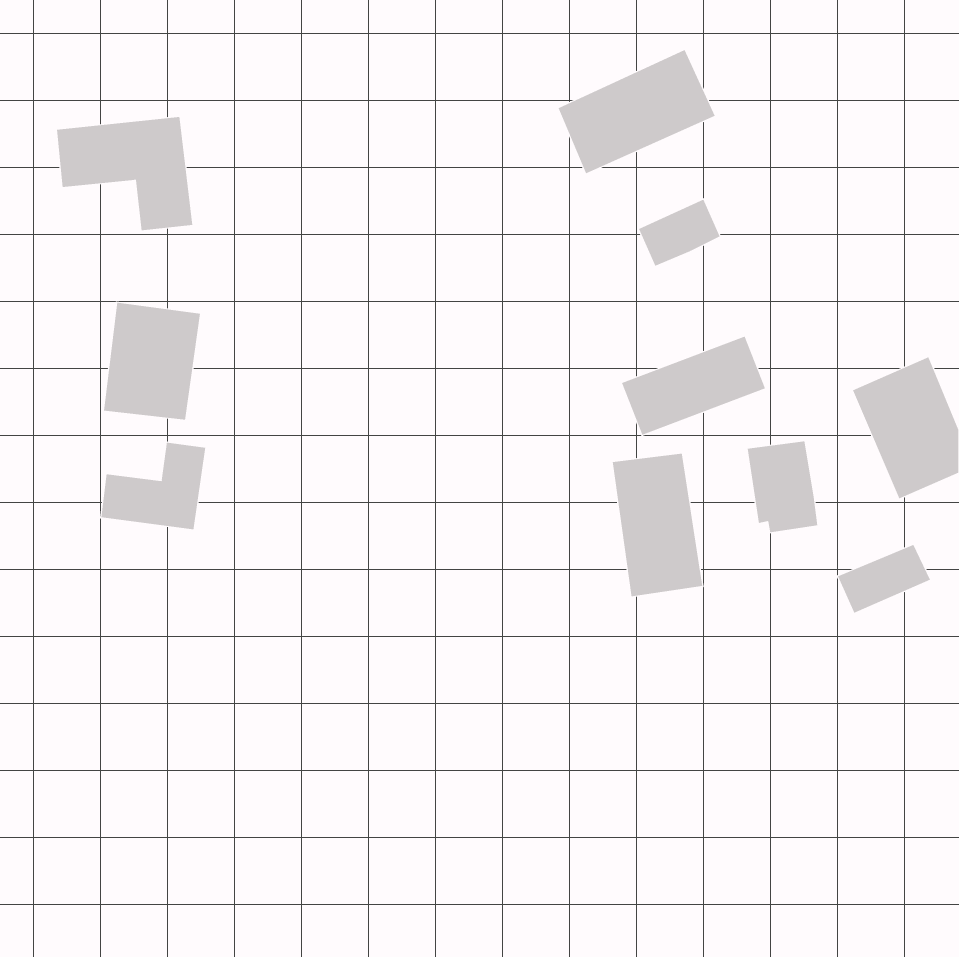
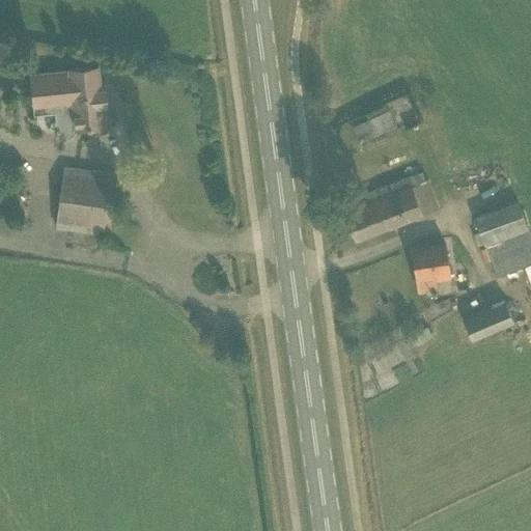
building: [558,49,716,174] -> none
building: [101,442,206,530] -> none
building: [612,453,703,597] -> none

